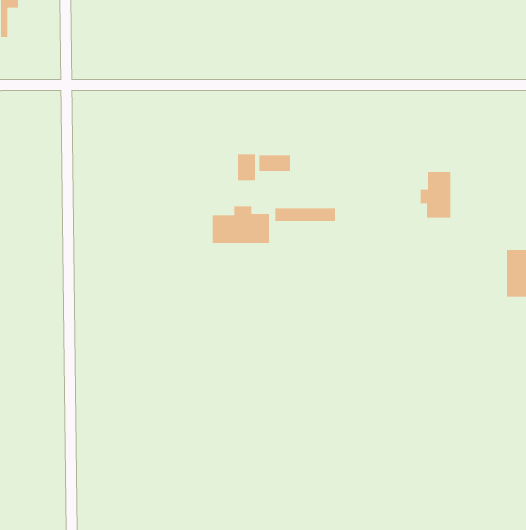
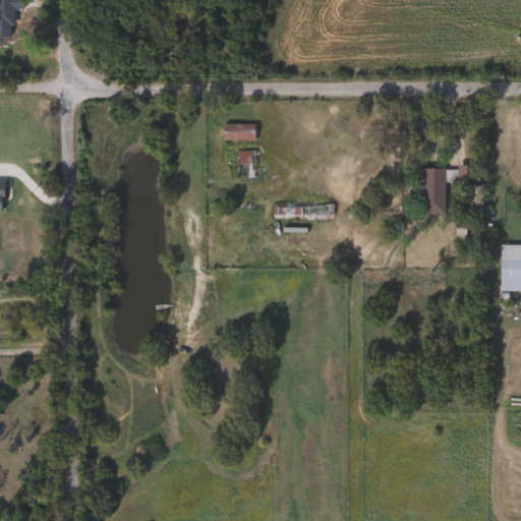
building: [259,155,291,171] -> [224,123,255,139]
building: [212,205,270,244] -> none

